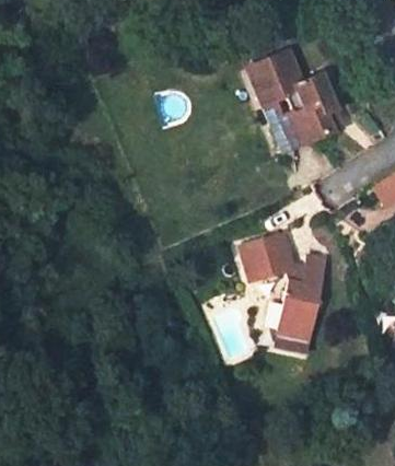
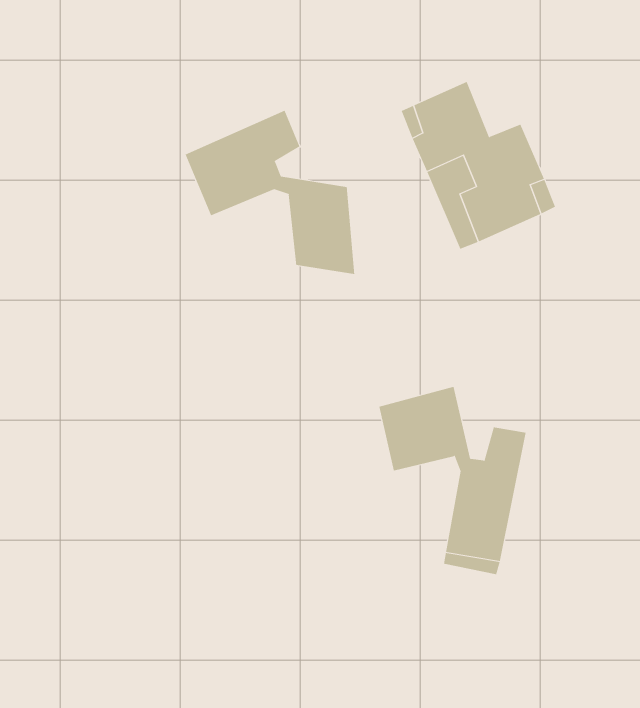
building: none -> [185,110,355,275]

